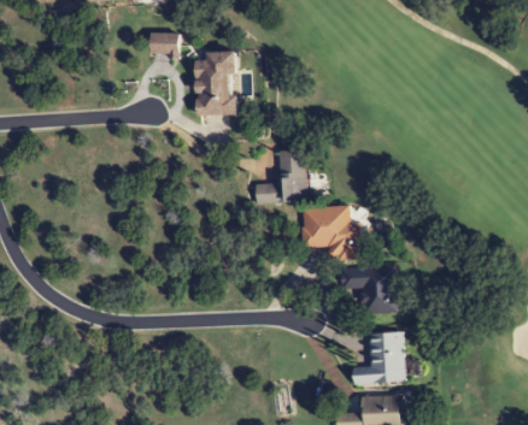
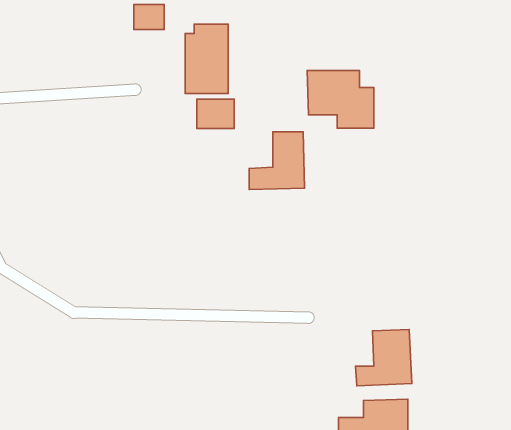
building: none -> [197,99,234,128]
building: [301,206,363,259] -> [307,70,374,128]
building: [340,265,398,312] -> none

